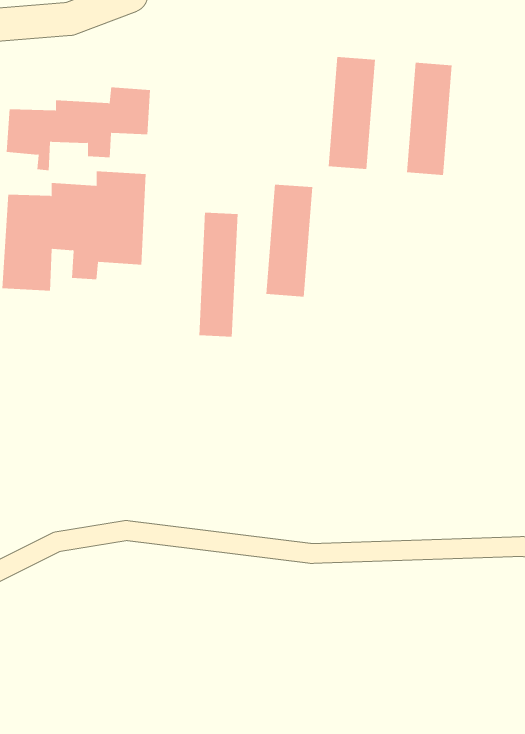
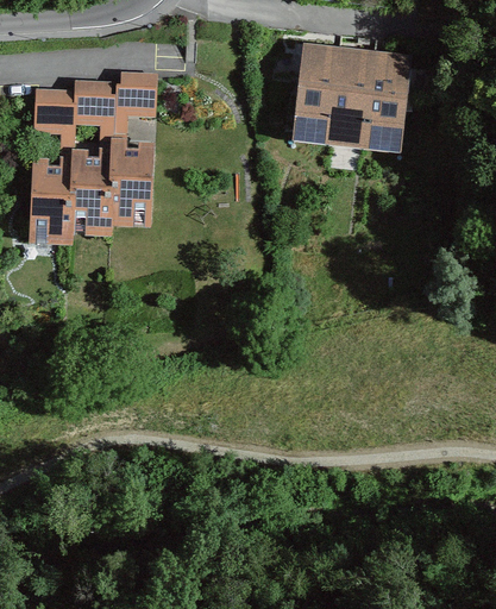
building: [265,184,313,297] -> [331,50,370,143]
building: [199,212,238,337] -> none

